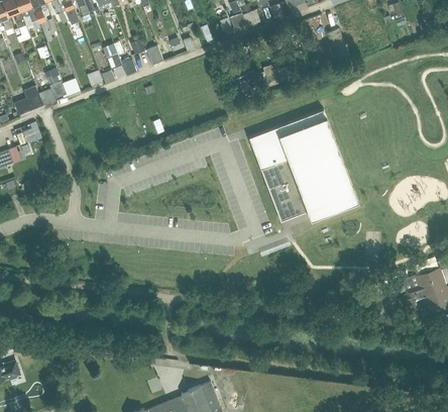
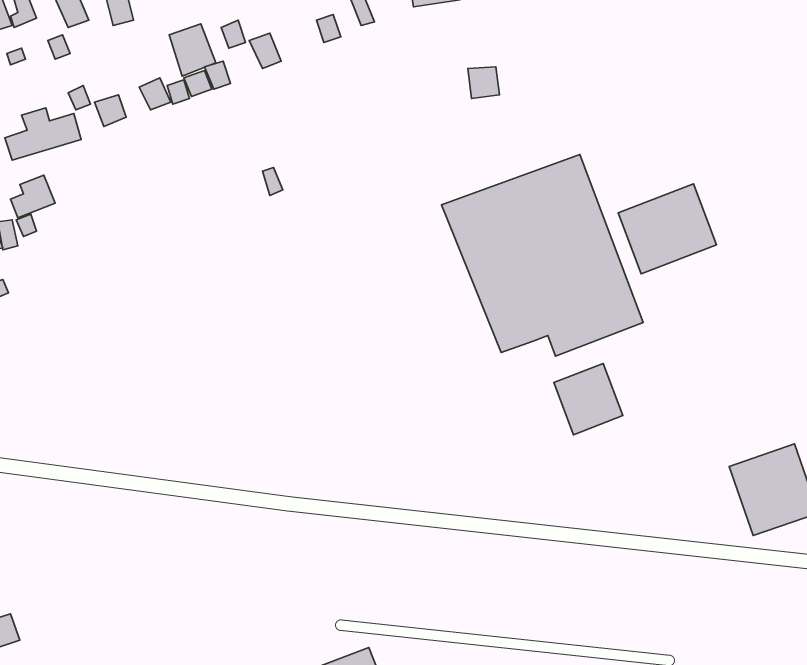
building: none -> [618,184,717,274]
building: none -> [554,363,623,435]

